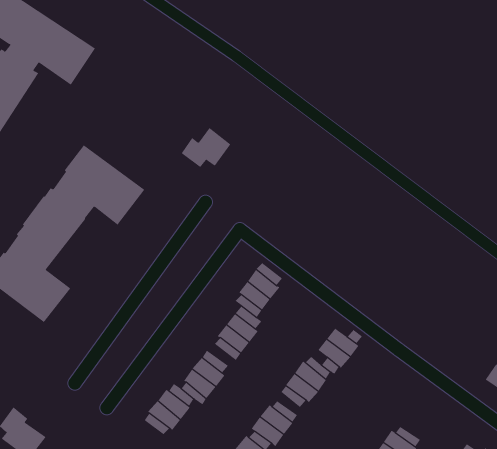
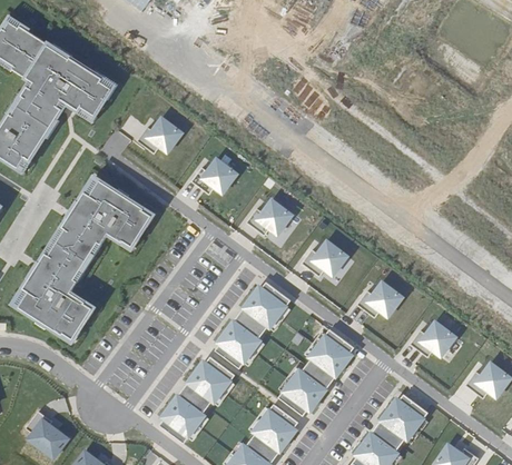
building: none -> [136,117,183,154]
building: none -> [246,199,293,235]
building: none -> [302,240,347,276]
building: none -> [357,280,403,317]
building: none -> [412,321,459,358]
building: none -> [385,392,429,435]

